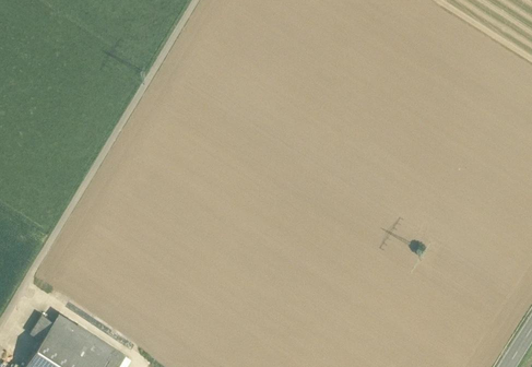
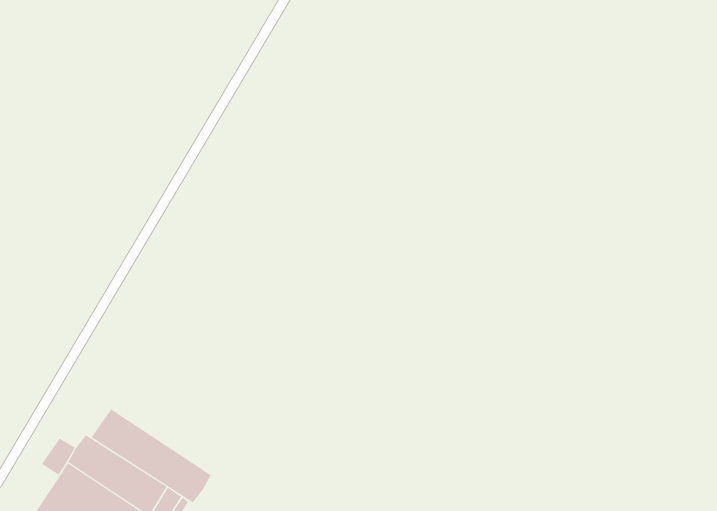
building: none -> [91,408,212,503]

